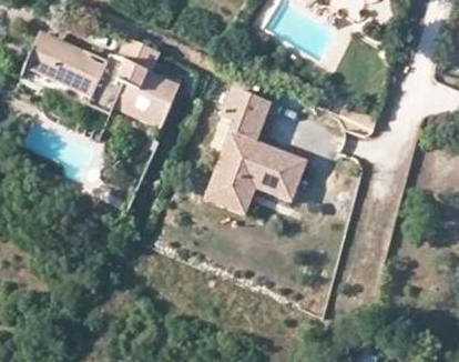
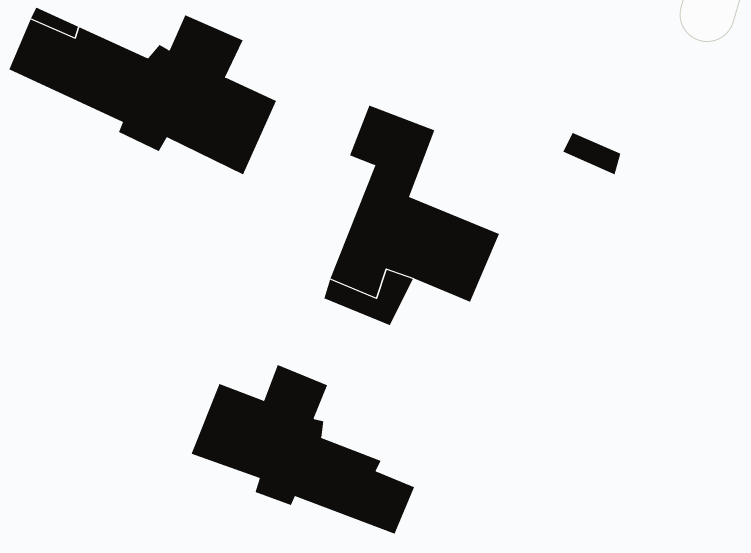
building: none -> [191,364,415,534]

